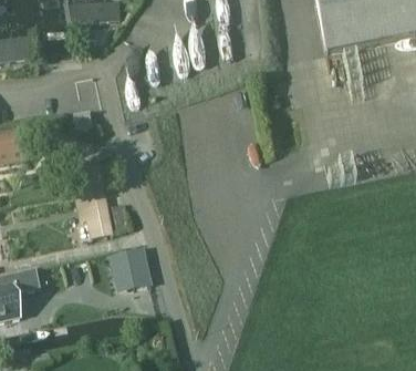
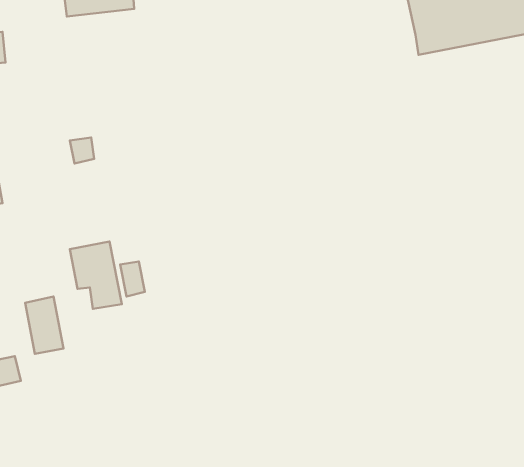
building: none -> [25,296,64,354]
building: [123,249,149,289] -> none

